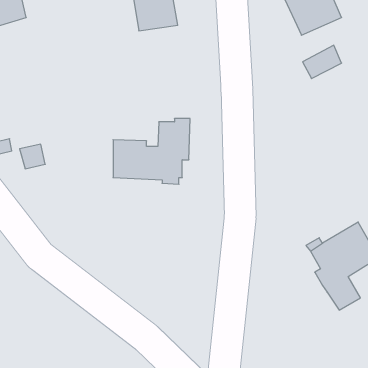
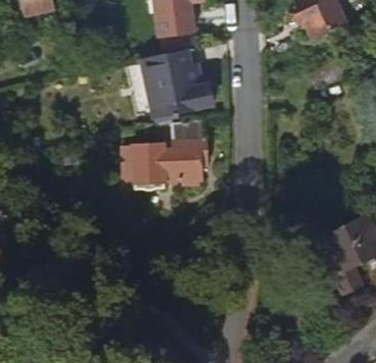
building: none -> [139,48,211,115]

